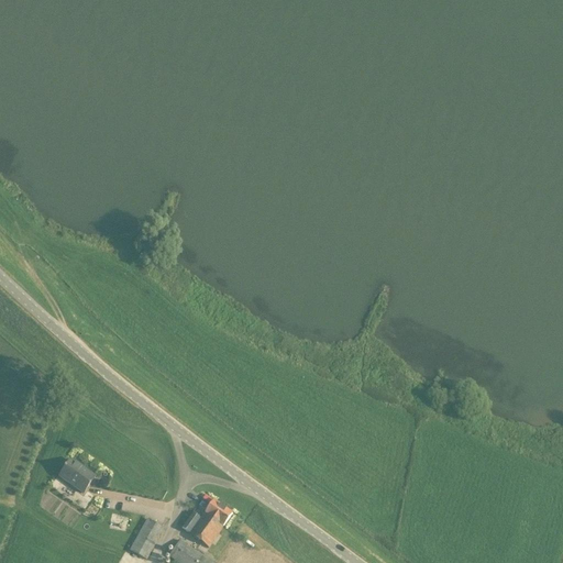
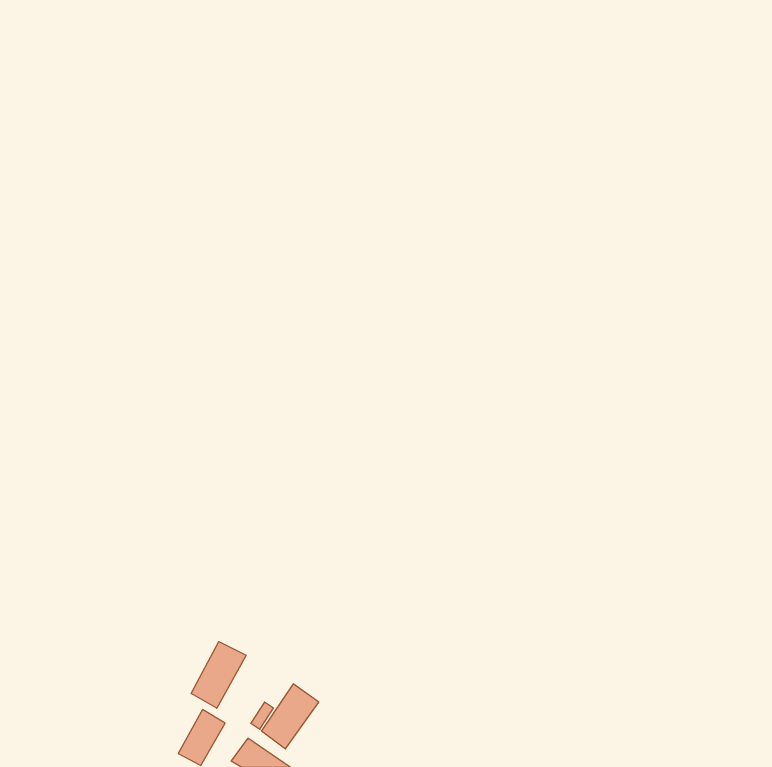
building: [59,459,95,492] -> none
building: none -> [191,642,246,708]

